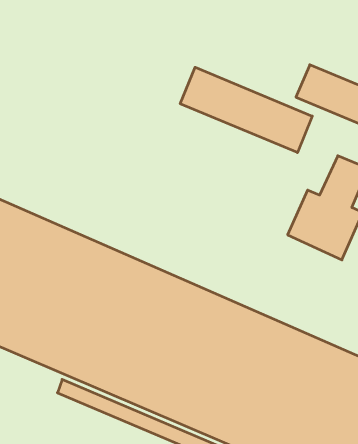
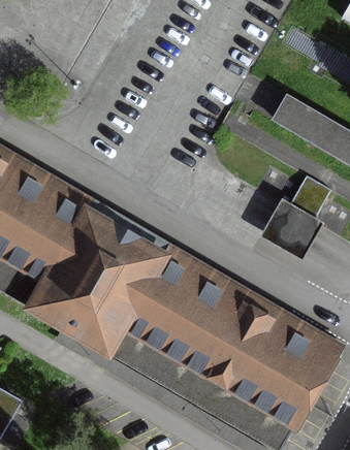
building: [180,67,312,153] -> none

